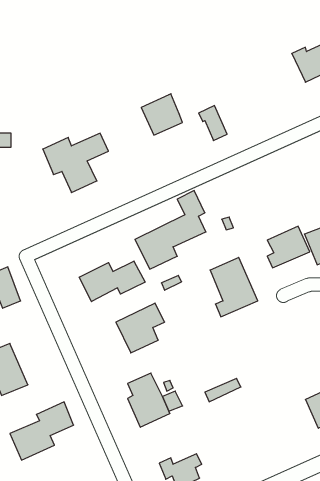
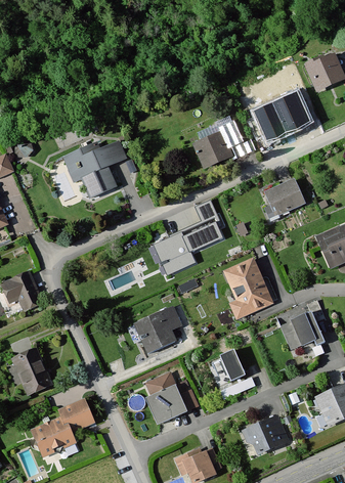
building: none -> [253,89,314,142]
building: [141,94,182,135] -> [191,129,231,169]
building: [267,226,310,268] -> [264,178,305,218]
building: [79,261,145,302] -> none
building: none -> [291,313,324,347]
building: none -> [221,351,245,381]
building: none -> [246,420,289,453]

